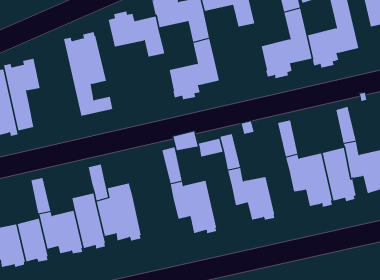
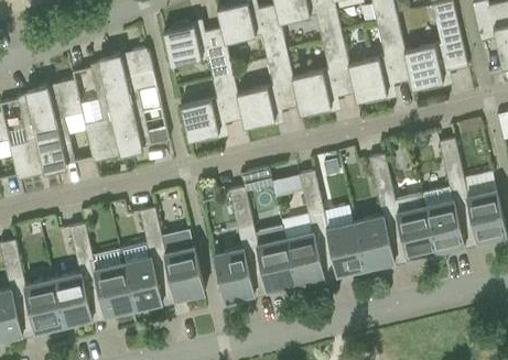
building: none -> [292,37,355,118]
building: none -> [84,56,131,163]
building: none -> [180,74,242,143]
building: none -> [355,216,394,269]
building: none -> [282,227,324,285]
building: none -> [214,248,255,302]

